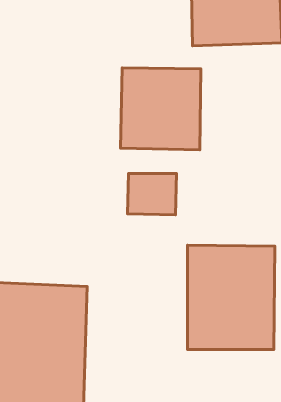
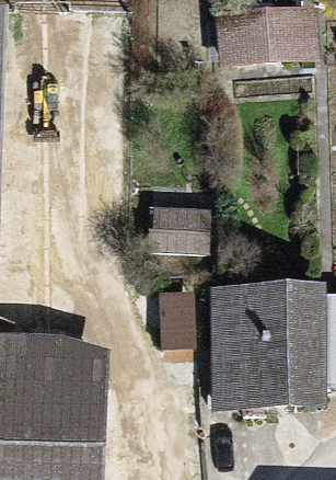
building: [121,68,201,150] -> none

